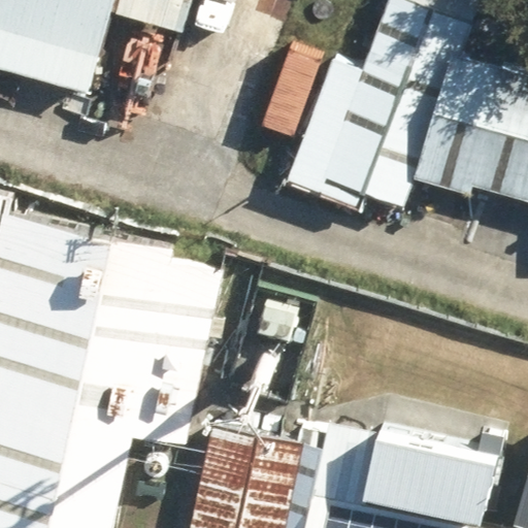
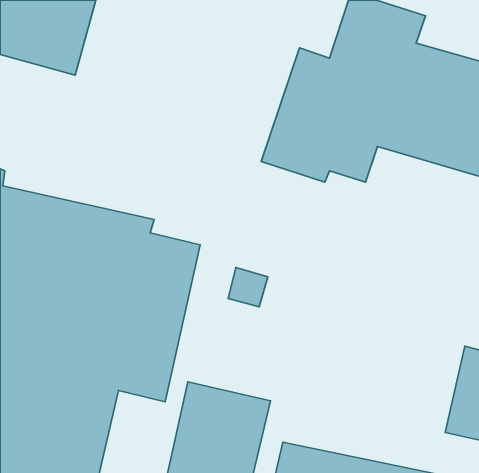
building: [359,432,488,519] -> none

